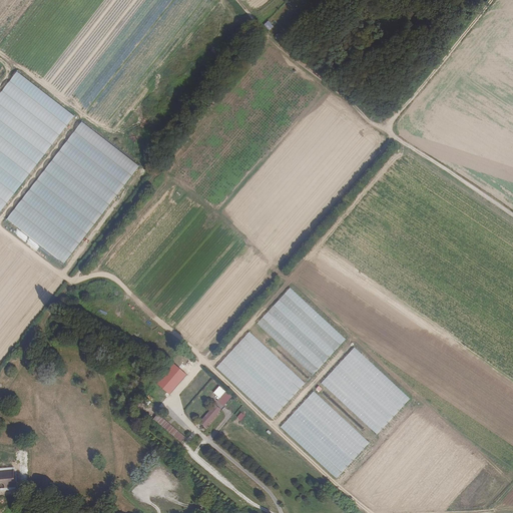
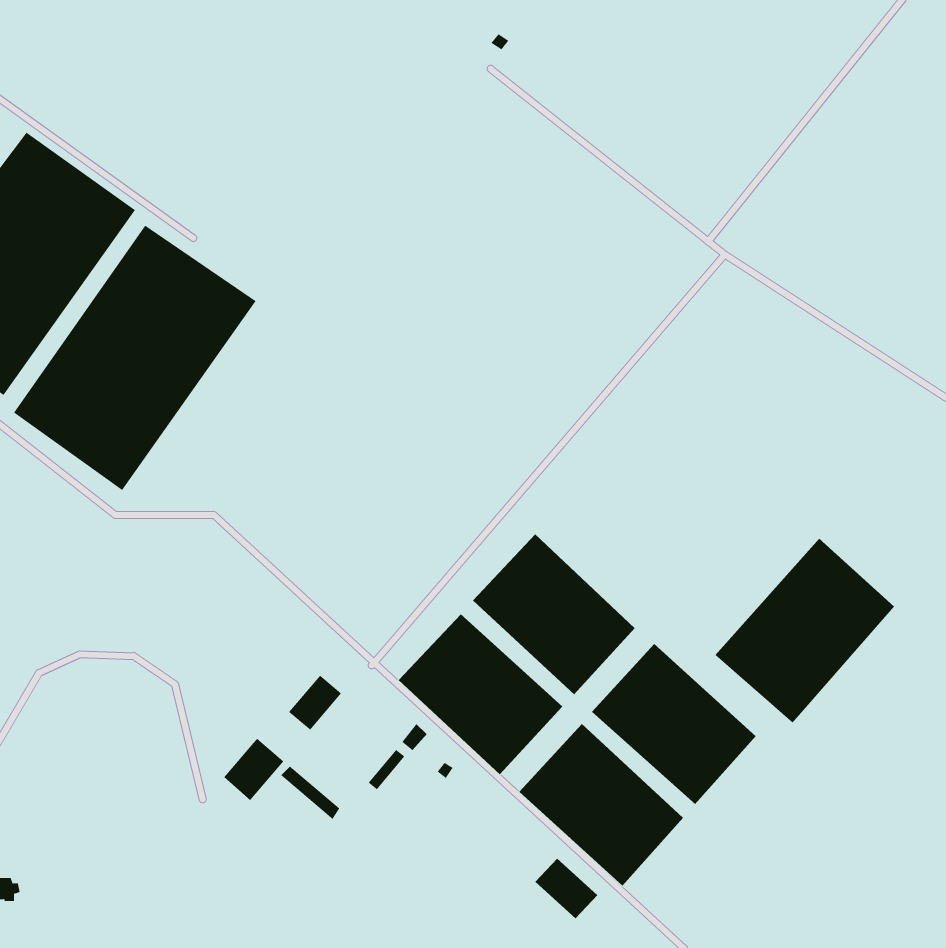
building: none -> [715,538,895,723]
building: none -> [223,738,284,801]
building: none -> [535,858,598,919]

